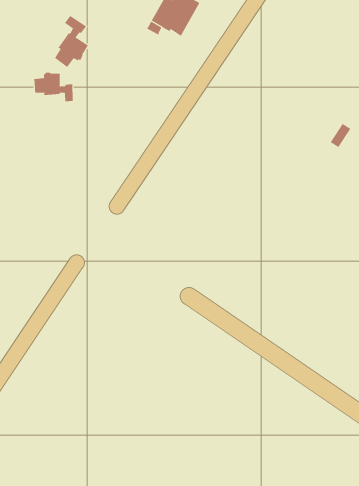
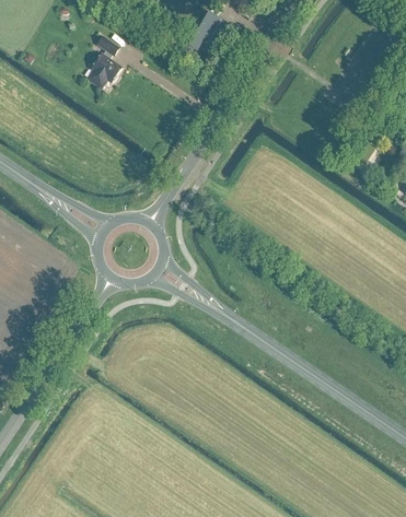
building: [34,72,73,102] -> none

